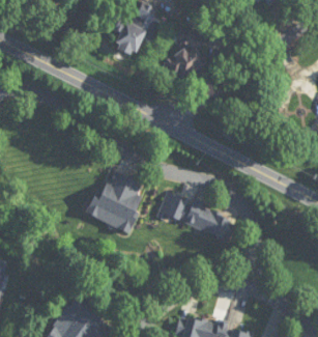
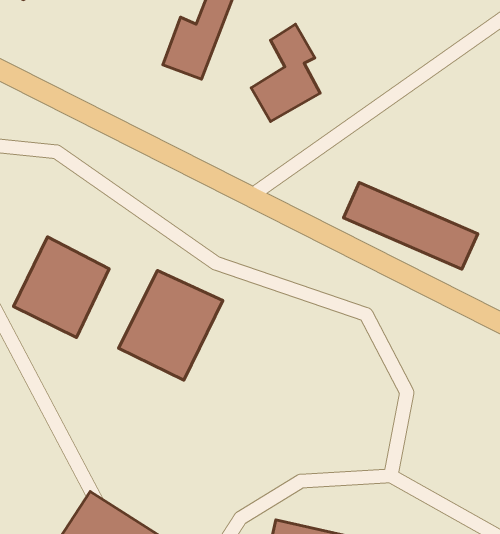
building: none -> [14,237,109,337]
building: [157,191,236,242] -> [343,183,478,269]

